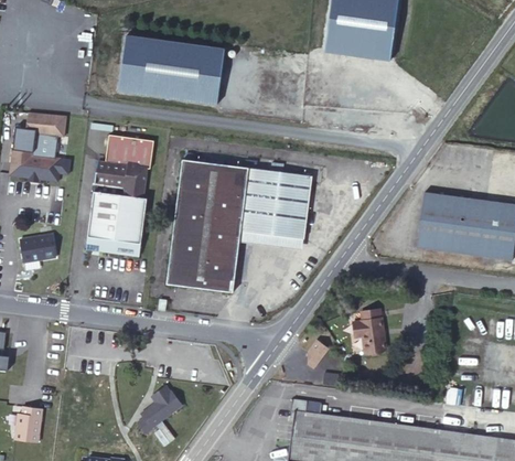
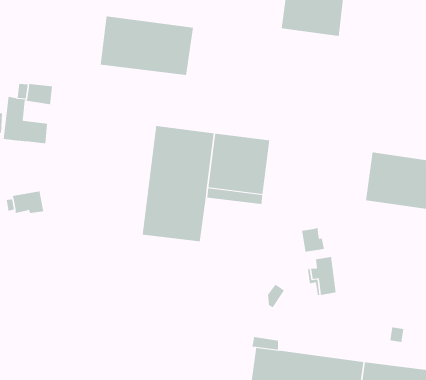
building: [86,135,153,256] -> none
building: none -> [301,227,325,253]
building: [138,386,182,432] -> none
building: [14,406,42,442] -> none

